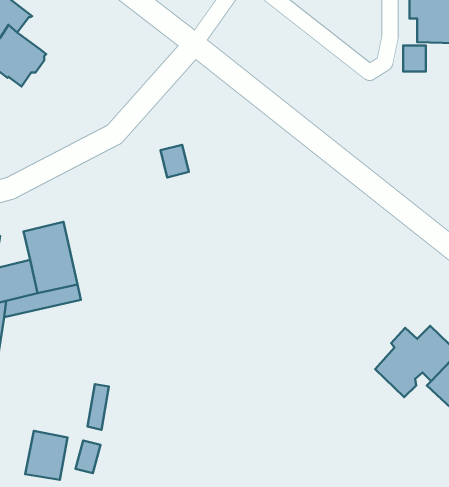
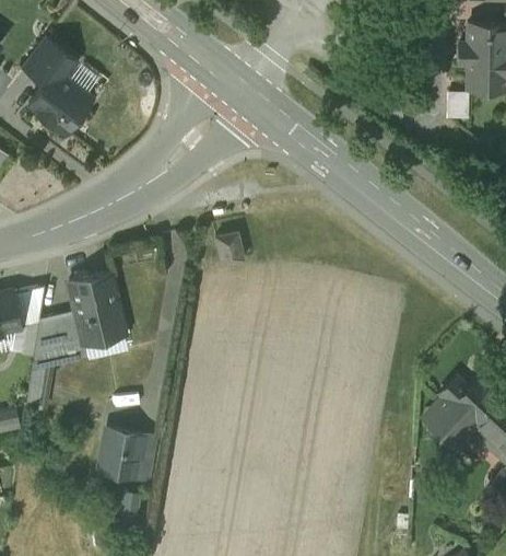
building: none -> [60,62,96,96]
building: [161,145,189,177] -> [213,232,242,265]
building: [25,431,67,480] -> [96,428,139,477]

